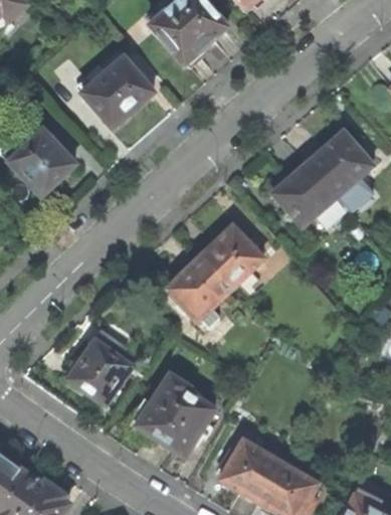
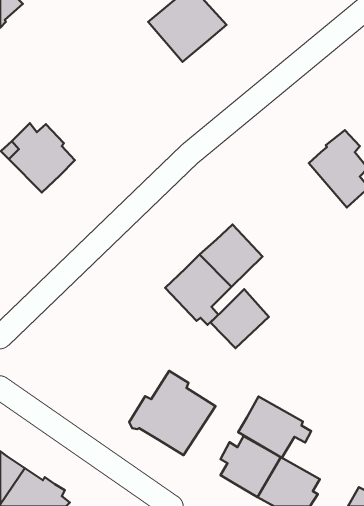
building: [81,55,155,127] -> none
building: [273,164,348,226] -> none
building: none -> [210,289,269,348]
building: [68,329,133,404] -> none
building: none -> [238,397,311,458]

